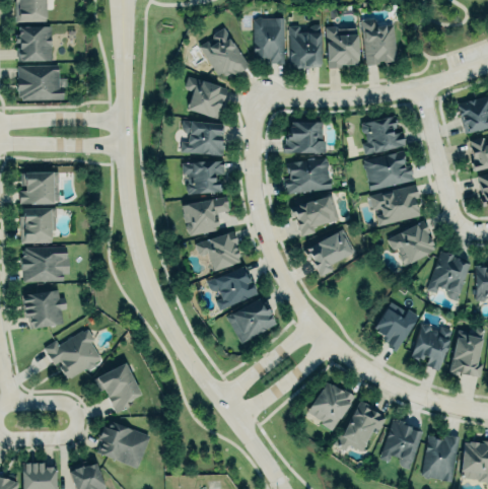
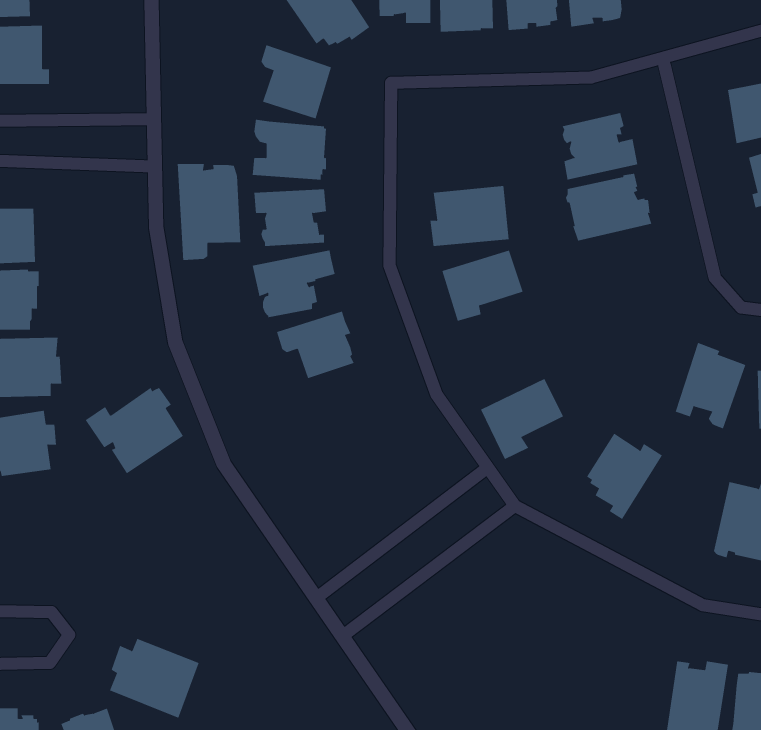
building: [285,122,327,152] -> none
building: none -> [177,163,241,261]
building: [370,185,421,226] -> none
building: [388,222,437,266] -> none
building: [306,230,355,278] -> [480,378,564,460]
building: [208,267,259,310] -> none
building: [227,299,276,344] -> none
building: [412,325,454,370] -> none
building: [46,330,103,380] -> [85,387,184,474]
building: [94,363,142,413] -> none
building: [308,381,357,431] -> none
building: [335,401,387,451] -> none
building: [381,419,423,470] -> none

